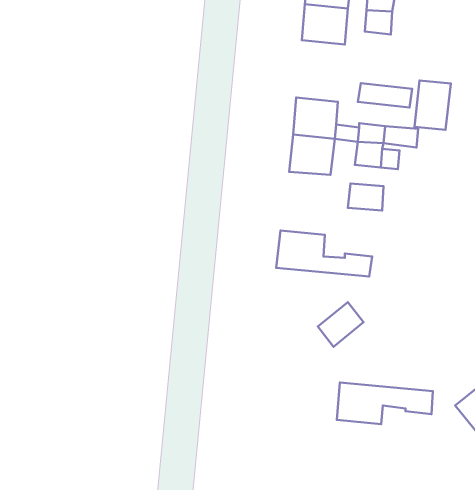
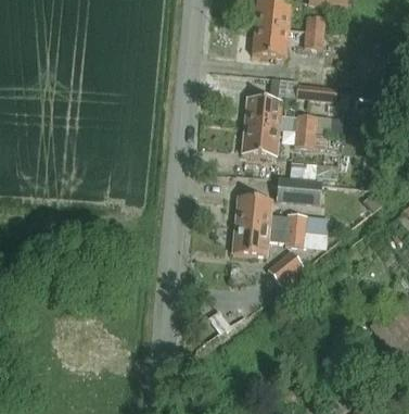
building: [414,81,451,130] -> none
building: none -> [274,179,320,205]
building: [337,383,433,424] -> [232,224,305,255]

